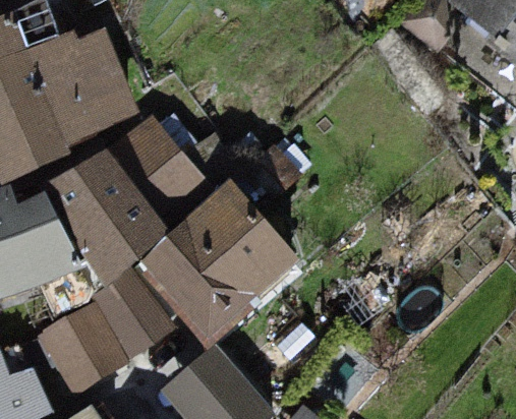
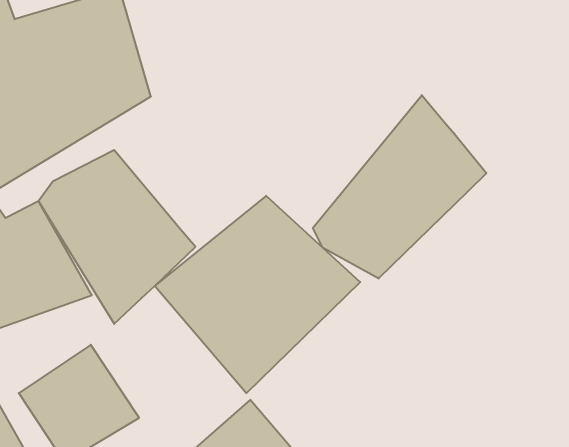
building: none -> [313,95,486,279]
building: [109,111,206,215] -> none
building: [91,267,172,361] -> none

